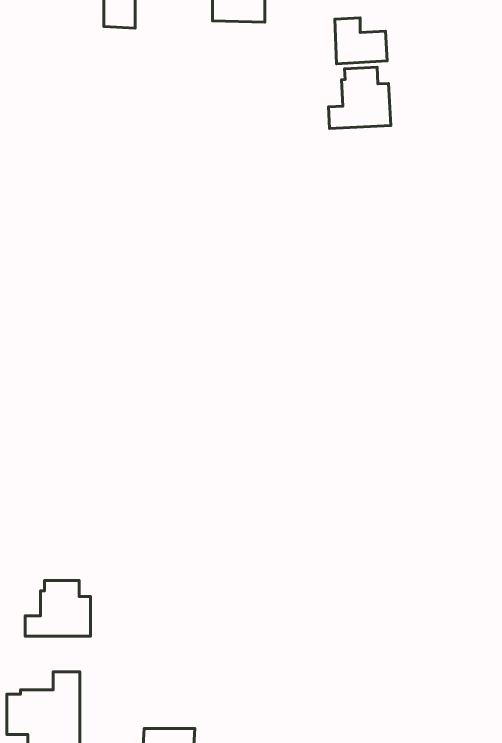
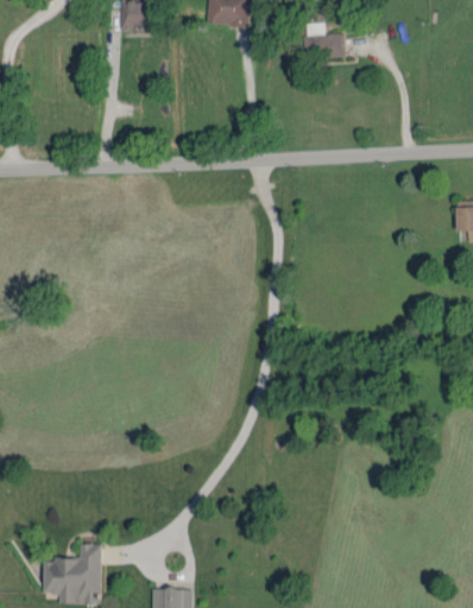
building: [328,67,391,128] -> none
building: [25,581,91,636] -> none

